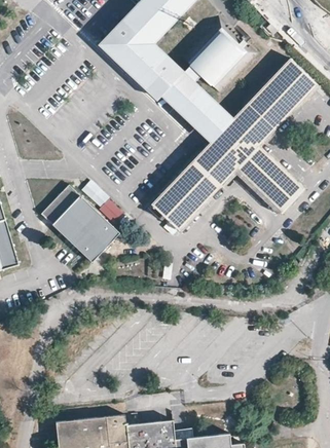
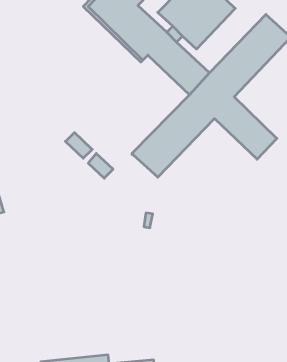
building: [41,185,117,261] -> none

